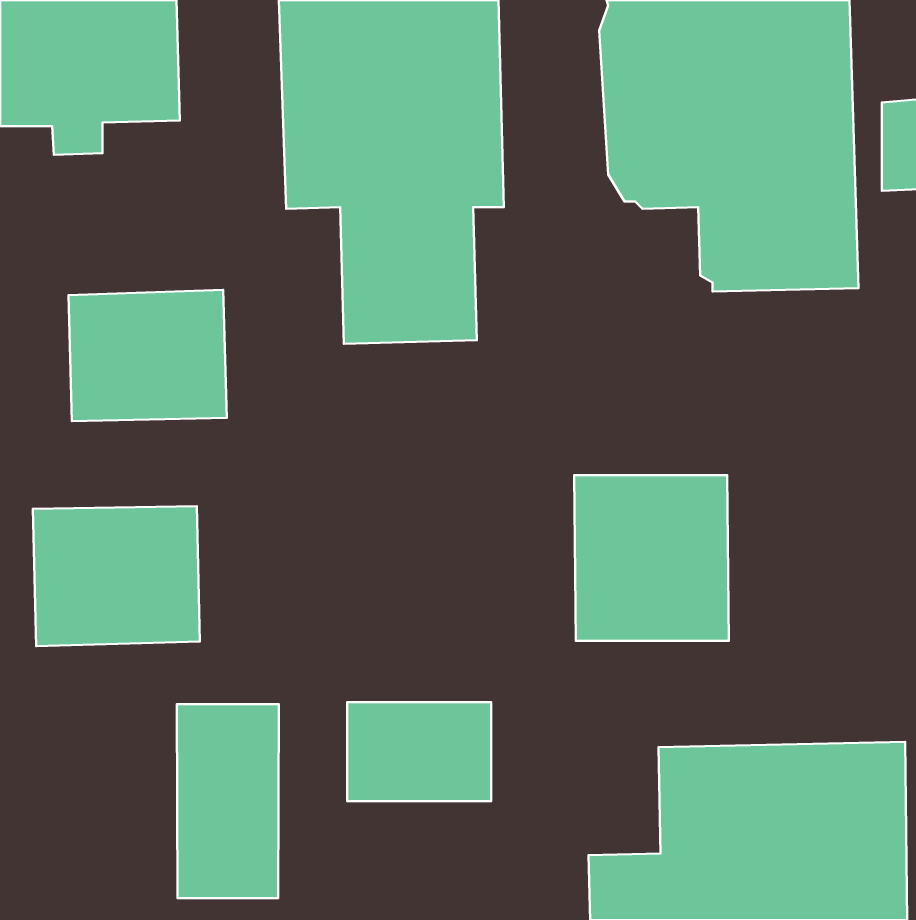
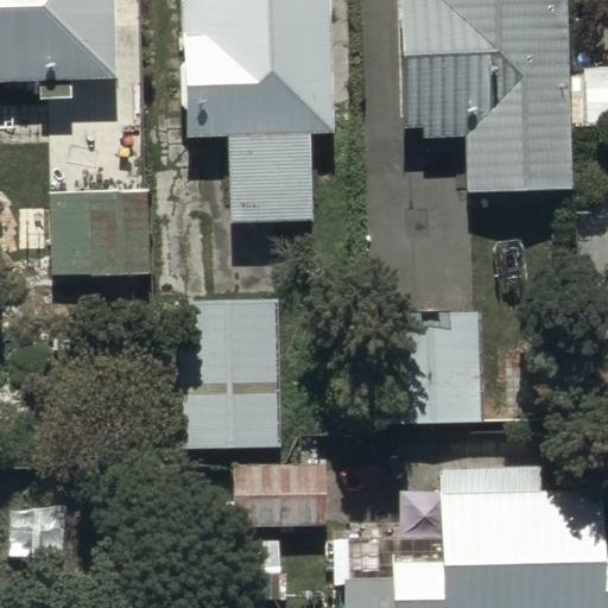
building: none -> [177,296,281,449]
building: [33,506,200,646] -> none
building: [177,704,279,898] -> none

